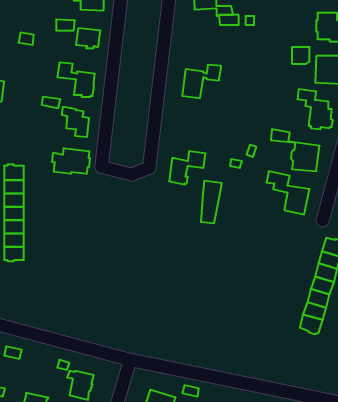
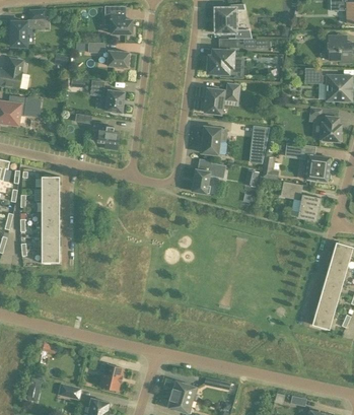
building: none -> [207,50,233,73]
building: none -> [201,126,226,154]
building: [52,148,90,174] -> none
building: [201,181,222,223] -> [250,124,269,162]

